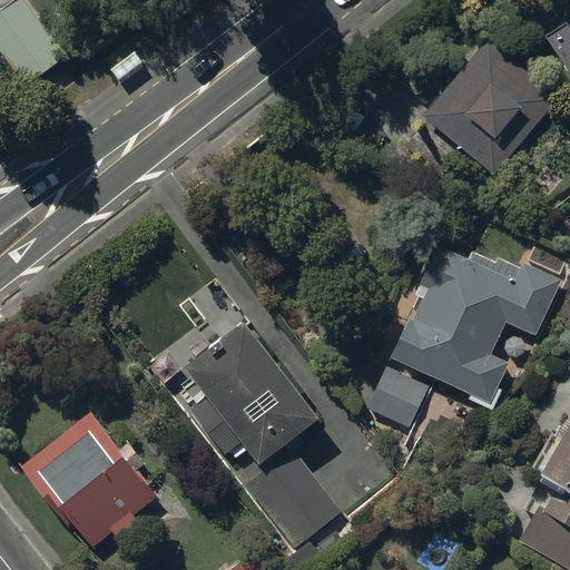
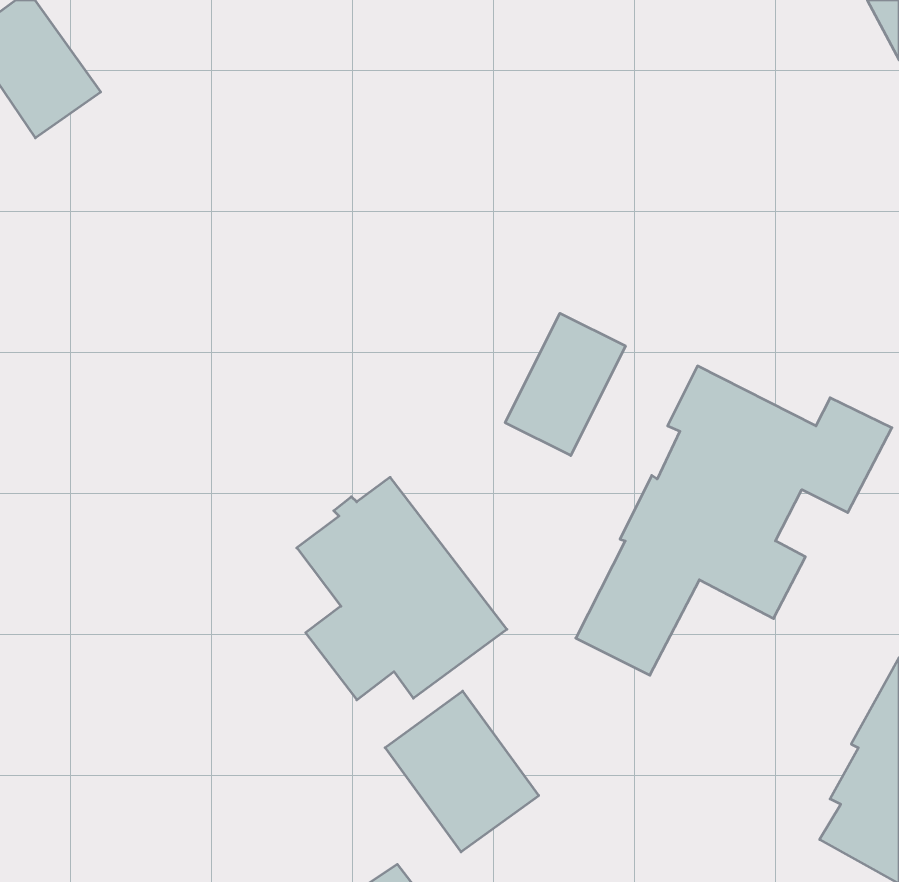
building: [422,35,561,173] -> none
building: none -> [505,313,625,456]
building: [22,413,158,551] -> none

